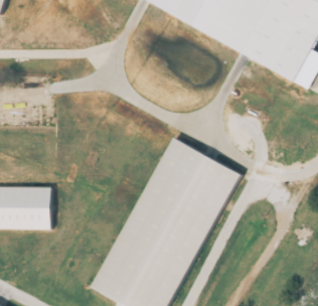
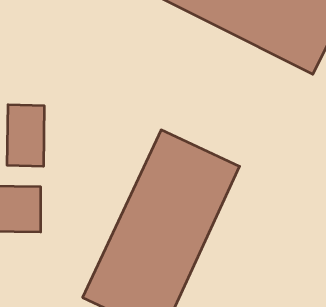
building: none -> [7,105,44,166]

